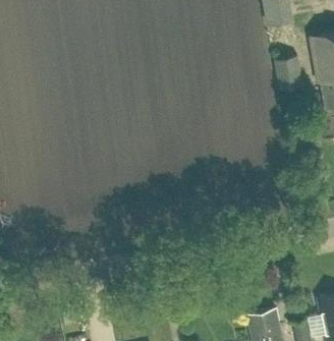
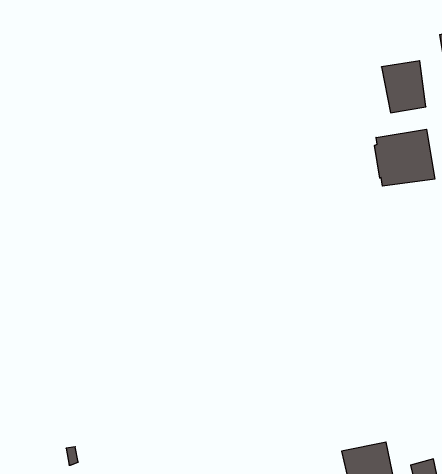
building: none -> [375,129,435,186]

